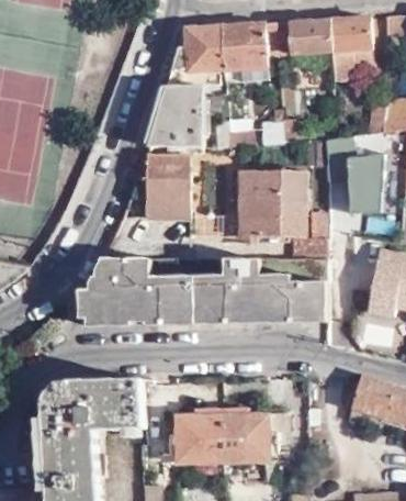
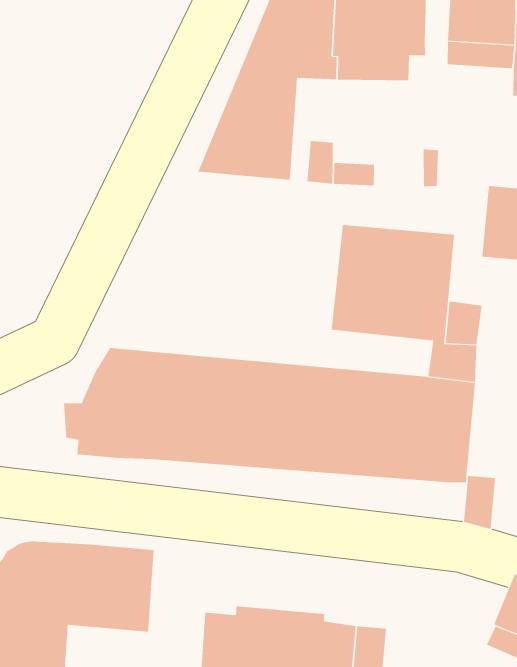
building: [124,157,189,219] -> none

